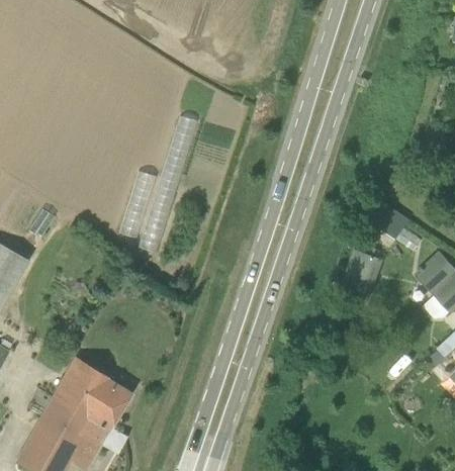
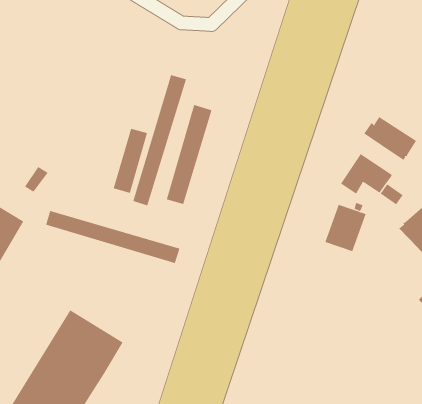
building: none -> [166,104,212,205]
building: none -> [364,116,417,161]
building: none -> [46,210,180,264]

